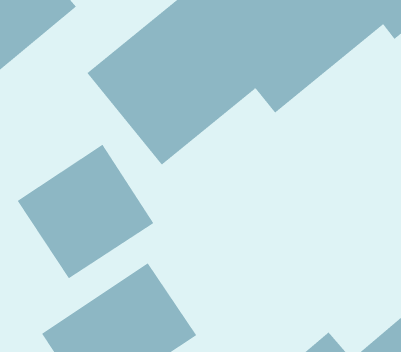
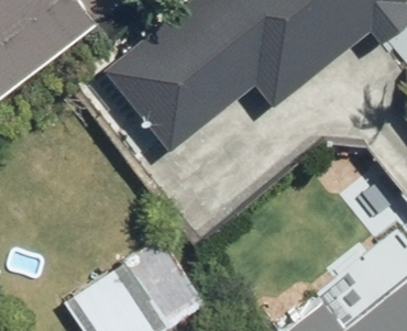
building: [17,144,154,279] -> none

